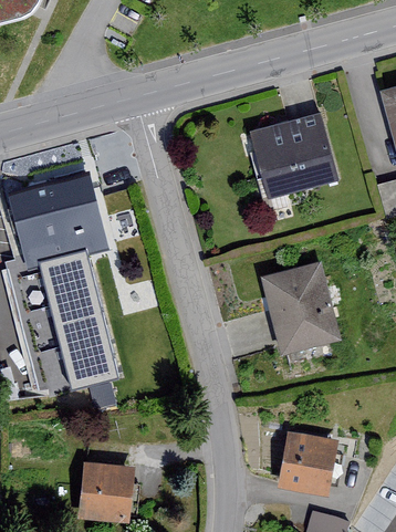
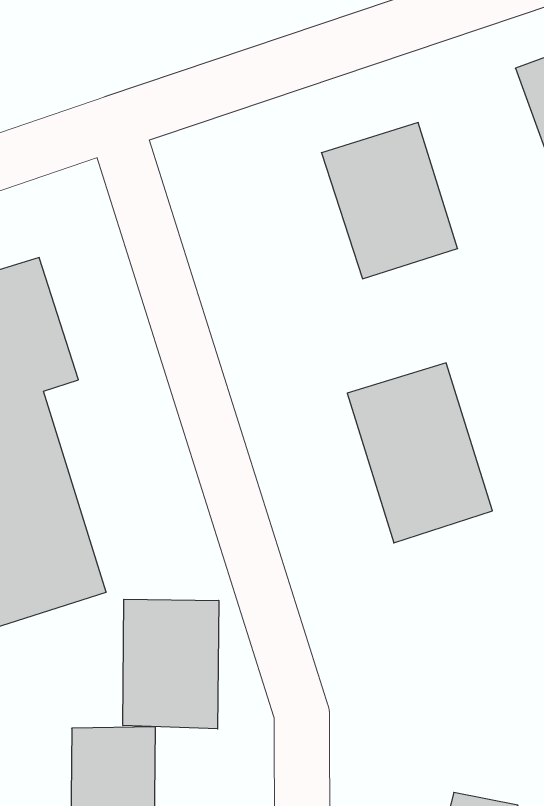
building: none -> [123,599,219,729]
building: [281,427,344,483] -> none

